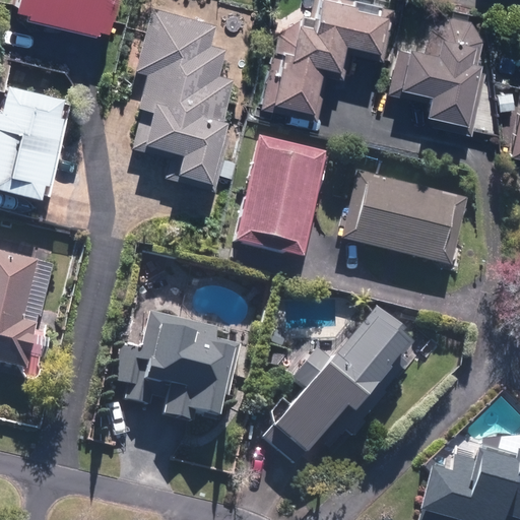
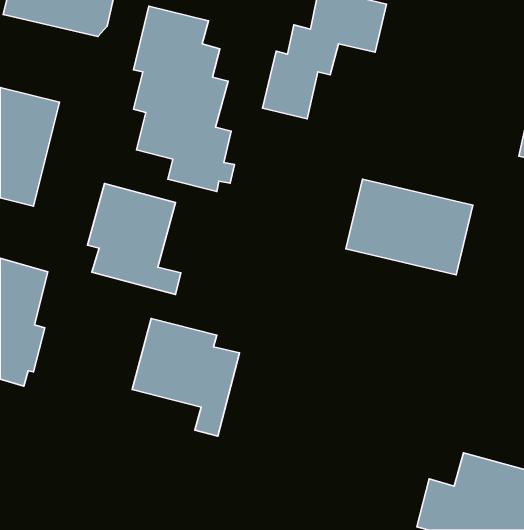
building: [397,15,485,128] -> none
building: [231,137,325,261] -> none
building: none -> [88,184,181,295]
building: [272,310,413,457] -> none

